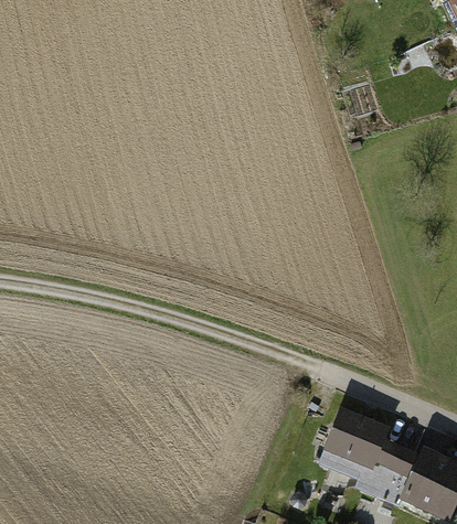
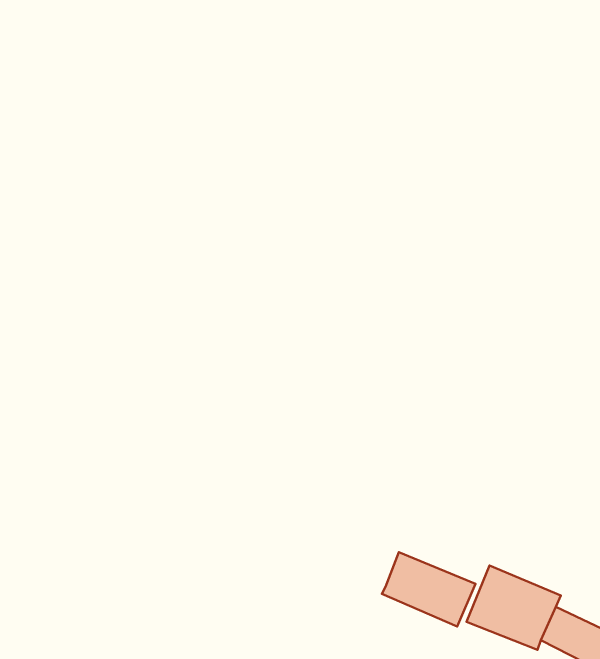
building: none -> [382,552,475,626]

